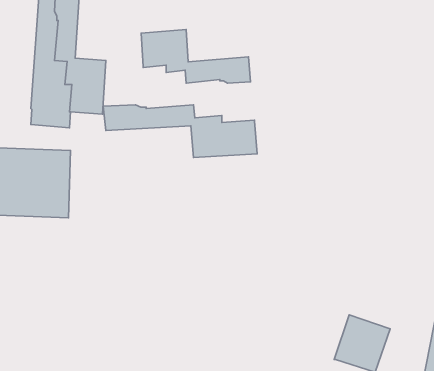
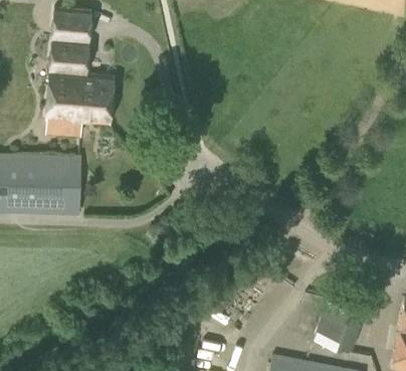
building: [141,30,250,83] -> none
building: [103,105,257,157] -> none

